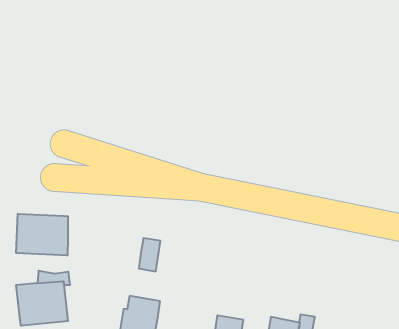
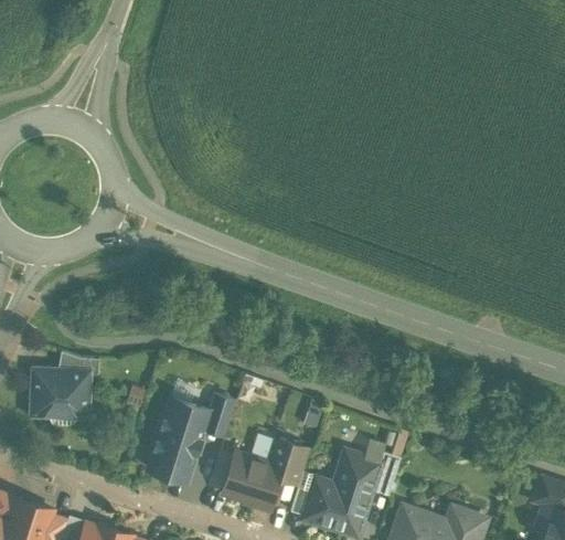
building: [16,214,68,256] -> none
building: [139,238,160,271] -> [203,393,235,437]

